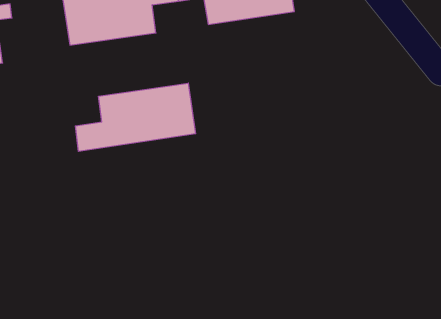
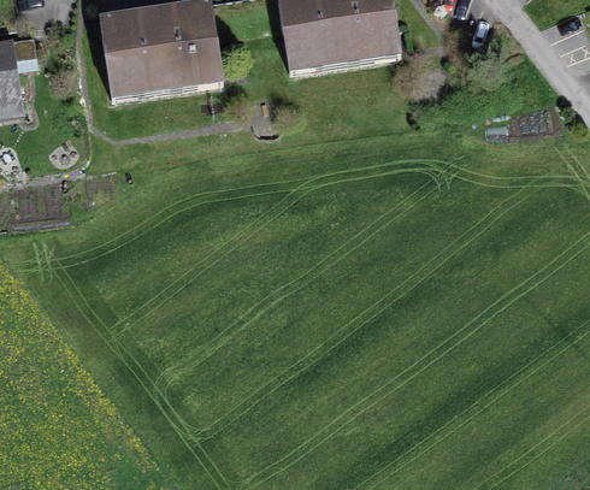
building: [75,83,196,151] -> none

